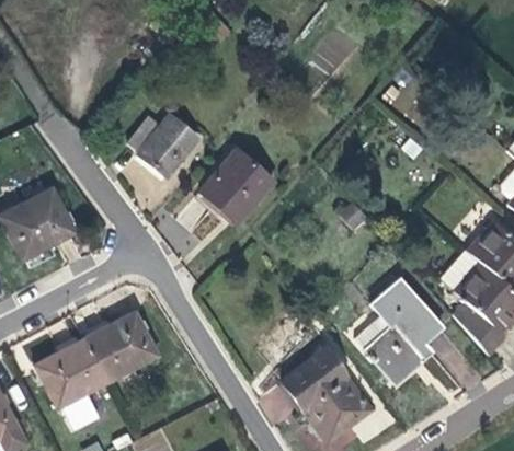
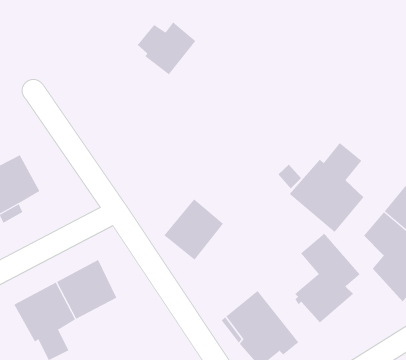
building: [129,115,198,177] -> [137,21,196,75]
building: [199,151,270,223] -> [164,198,224,261]
building: none -> [289,142,364,233]

